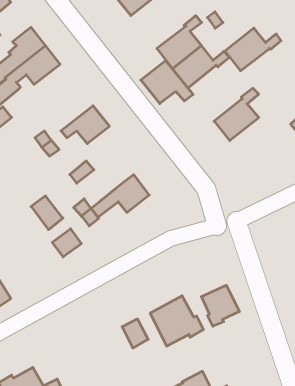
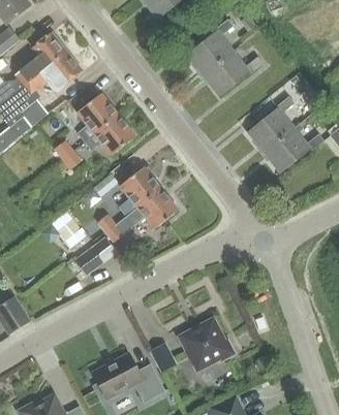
building: [225,28,281,71] -> [264,127,323,172]
building: [141,60,193,104] -> none
building: none -> [76,93,118,141]
building: none -> [118,166,161,216]
building: [201,285,239,326] -> none
building: none -> [93,353,165,402]

